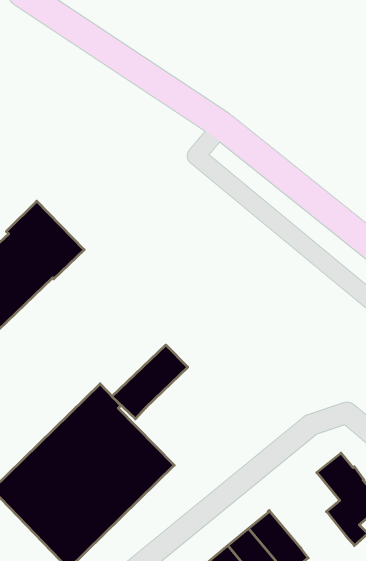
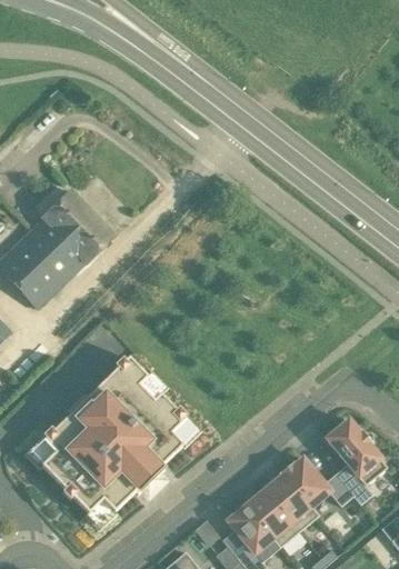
building: [112,345,188,419] -> none
building: none -> [282,458,352,507]

